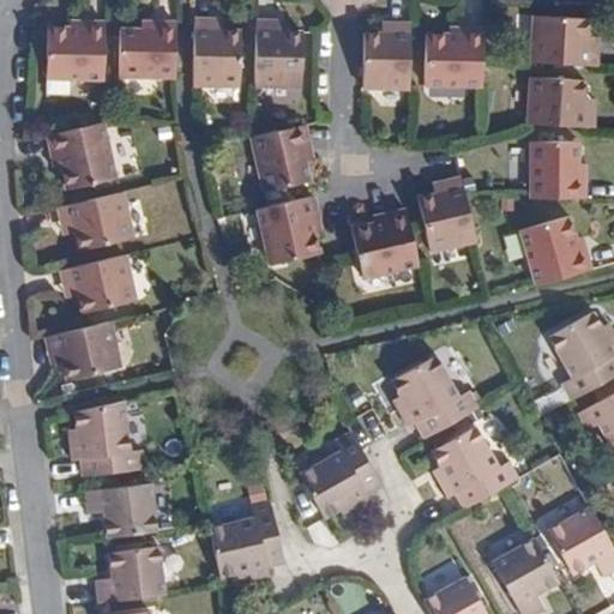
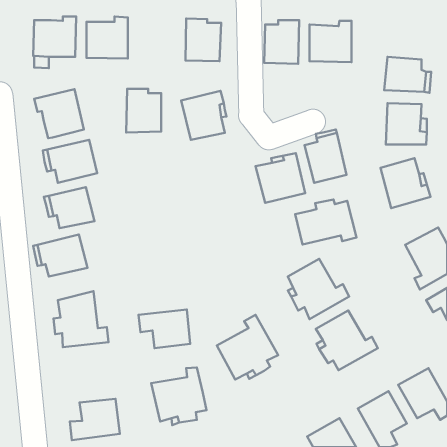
building: [531,14,586,65] -> none
building: [192,25,240,85] -> [126,89,161,132]
building: [259,195,319,264] -> none
building: none -> [295,199,356,244]
building: [85,484,156,537] -> [139,310,190,348]

